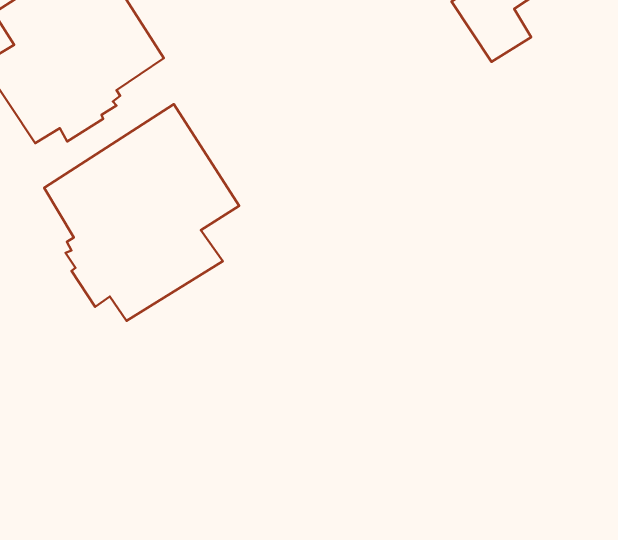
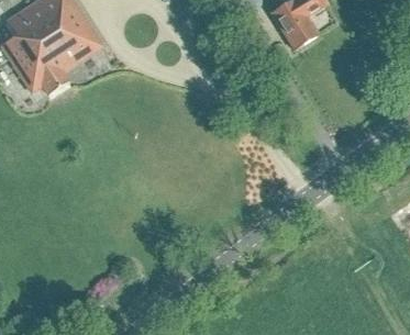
building: [44,104,239,321] -> none

